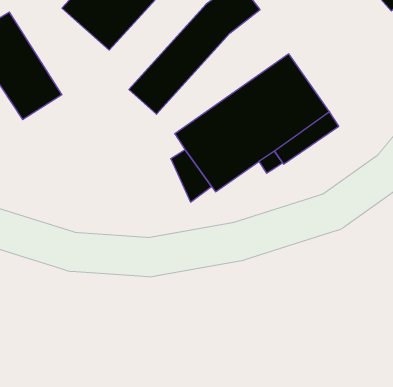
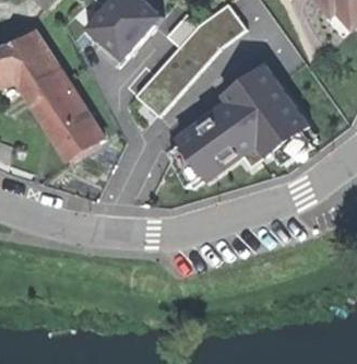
building: none -> [45,99,102,160]

